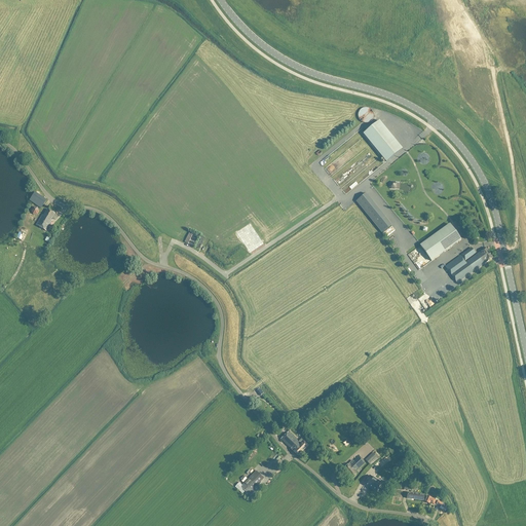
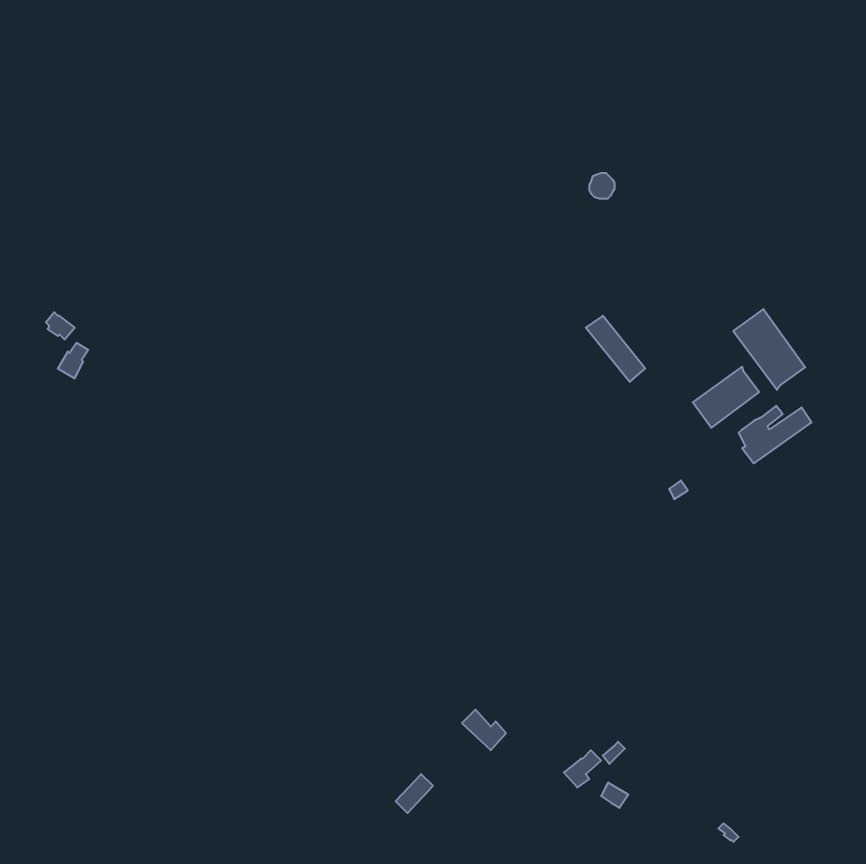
building: [362,118,401,159] -> none
building: none -> [733,309,805,390]

